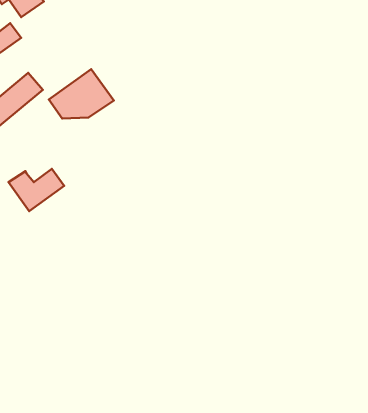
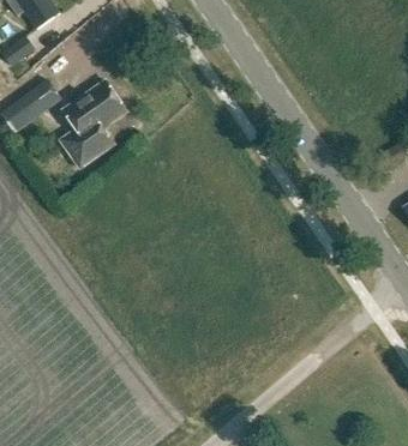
building: [9,169,64,211] -> [59,129,114,171]

